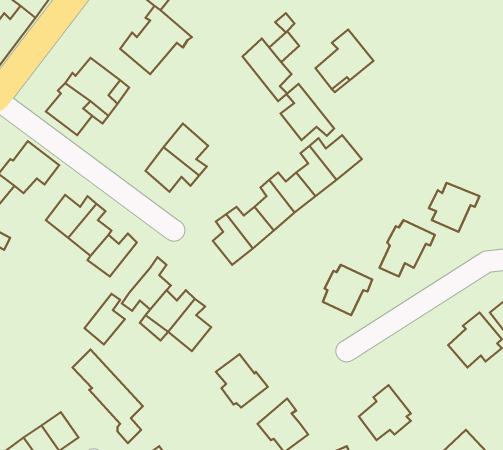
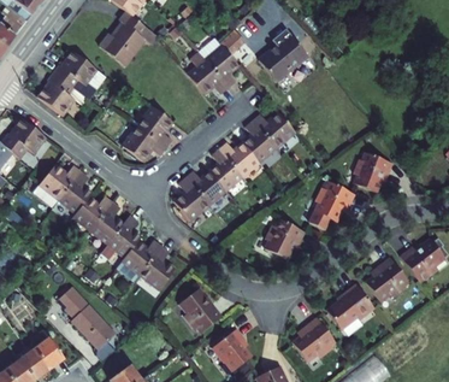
building: [281,84,334,140] -> [183,49,226,95]
building: [85,294,125,344] -> [90,200,123,241]
building: none -> [326,282,373,328]

